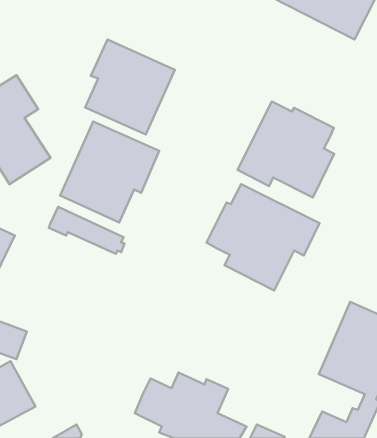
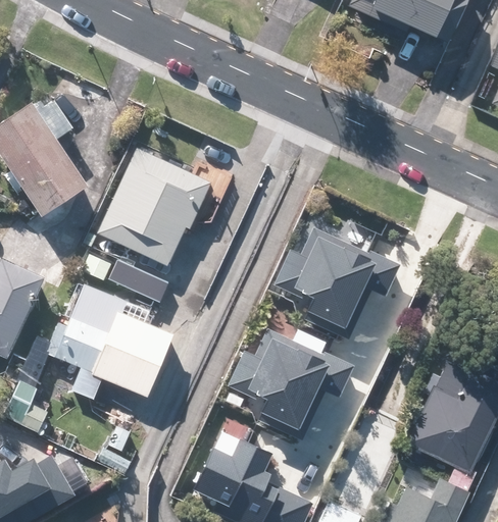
building: [85,39,175,134] -> none
building: [238,102,334,197] -> none
building: none -> [46,284,172,403]
building: none -> [226,327,354,438]

